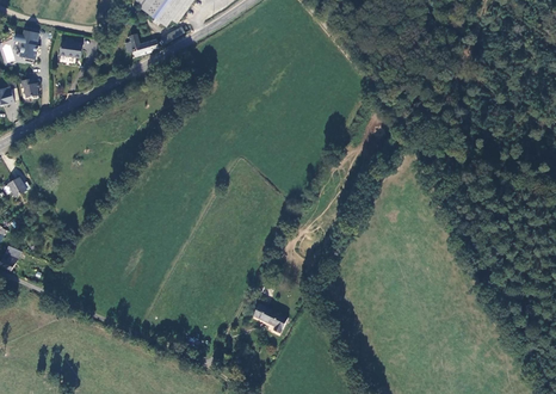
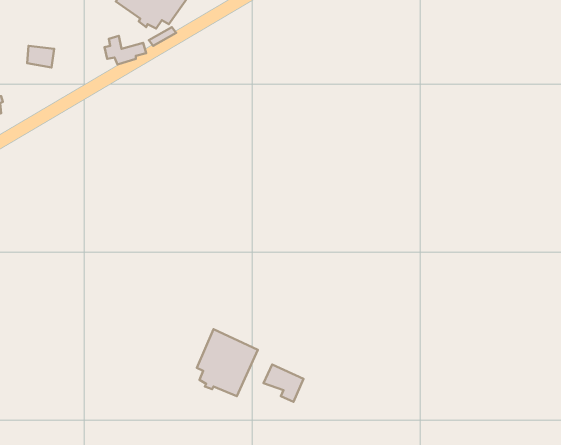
building: none -> [197,329,258,396]

